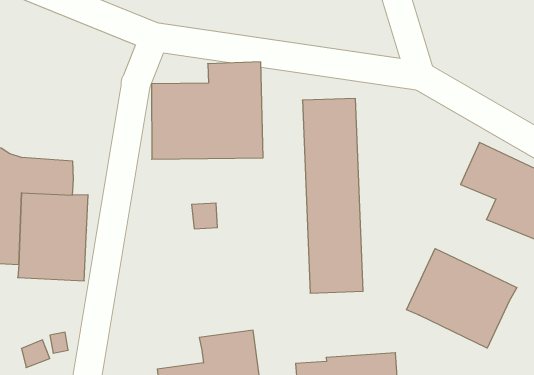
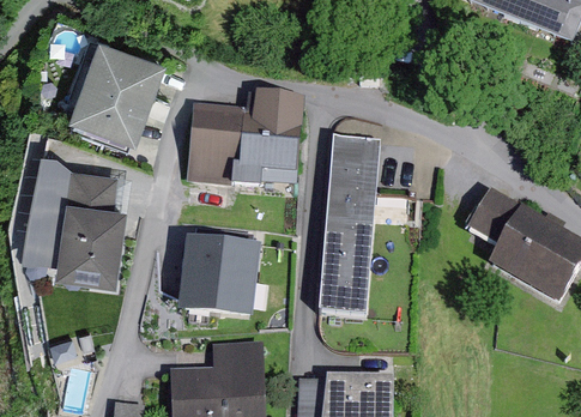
building: none -> [72,36,164,139]
building: none -> [181,243,261,320]
building: [406,249,517,348] -> none

